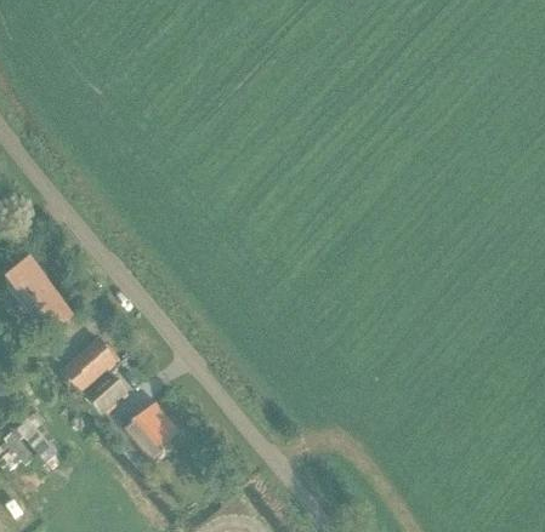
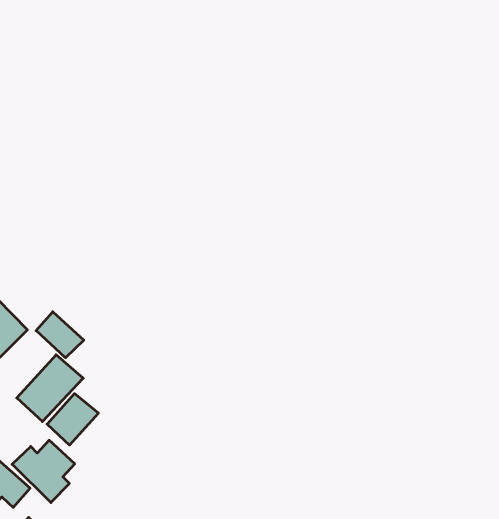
building: none -> [36,312,84,358]
building: [125,407,177,459] -> [12,440,75,503]

